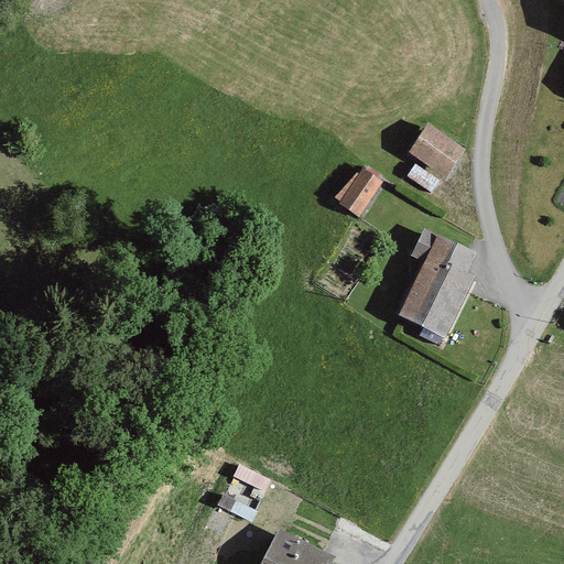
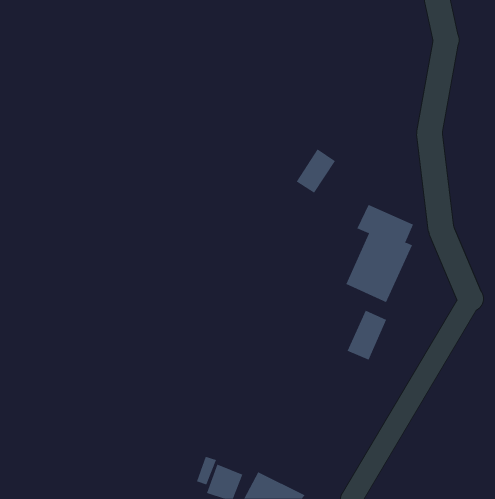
building: [409,124,466,178] -> none
building: none -> [347,310,387,360]

